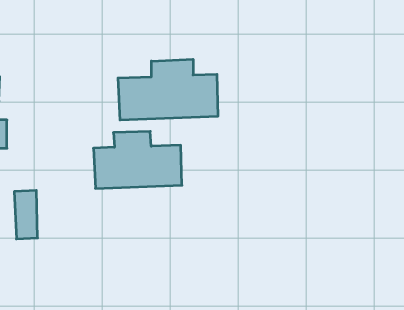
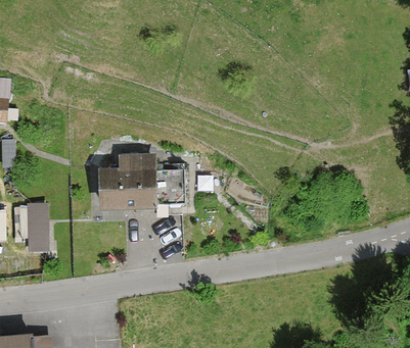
building: [118,59,218,120] -> none

